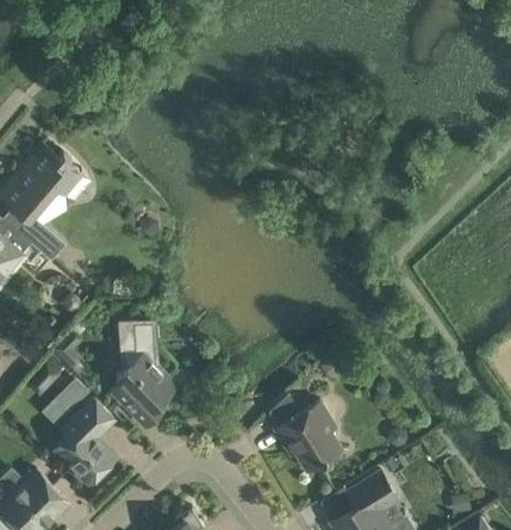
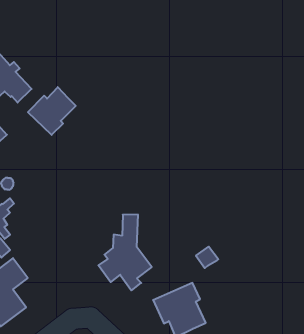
building: none -> [28,87,76,135]
building: [110,323,176,418] -> [98,215,152,290]

